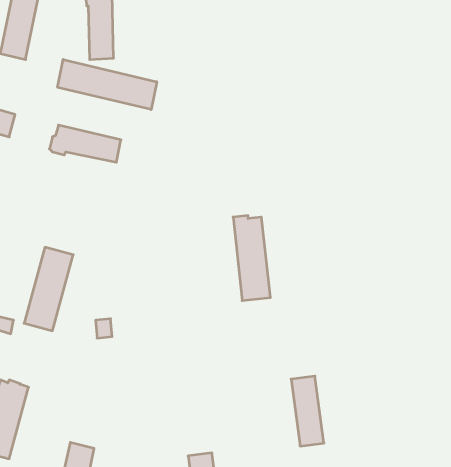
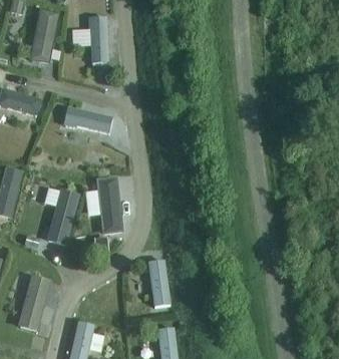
building: [58,59,157,110] -> none
building: [233,216,270,301] -> [96,176,121,234]
building: [291,376,324,446] -> [148,259,171,306]

